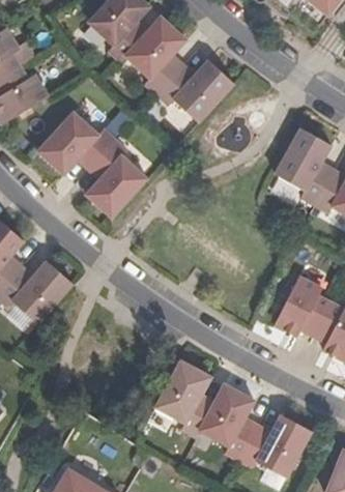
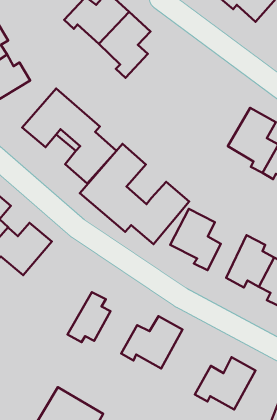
building: [157,59,234,121] -> none
building: none -> [80,144,189,244]
building: none -> [170,209,221,270]
building: none -> [67,292,111,342]
building: [199,385,257,461] -> none

